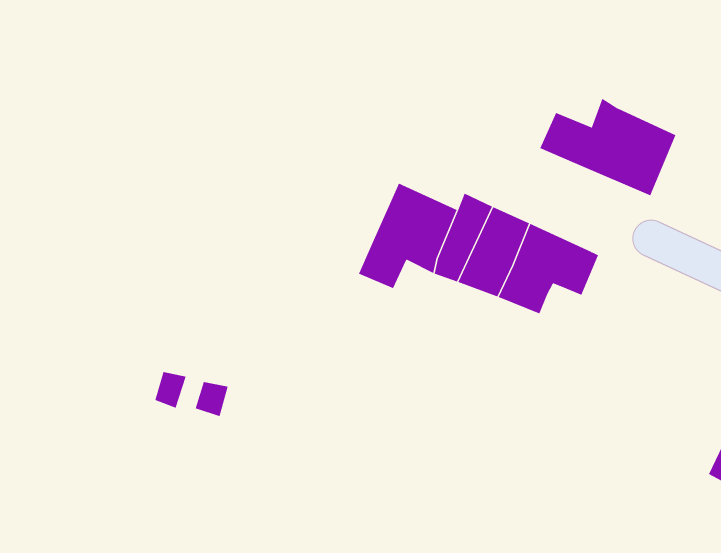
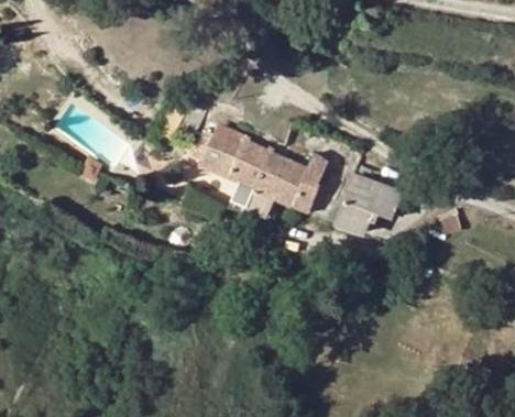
building: [540,98,676,196] -> none
building: none -> [201,134,267,208]

